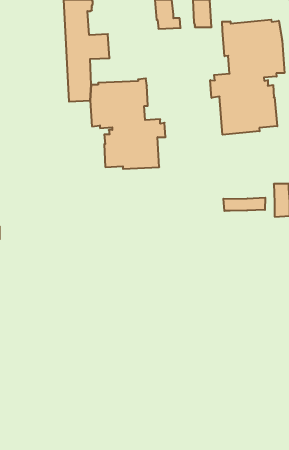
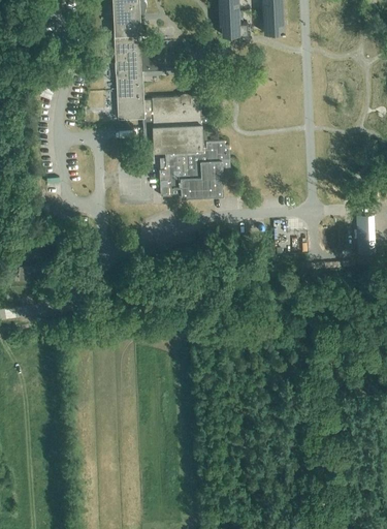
building: [210,20,284,135] -> none
building: [223,198,265,211] -> none

